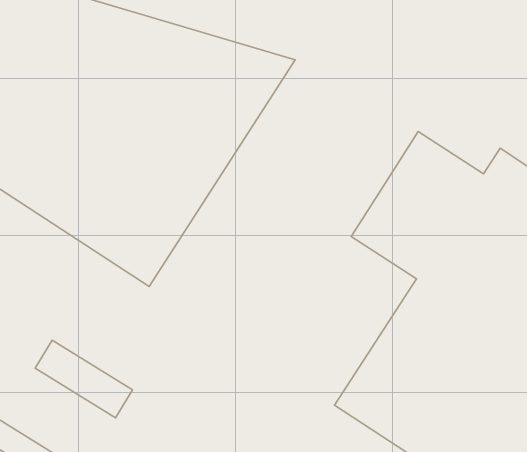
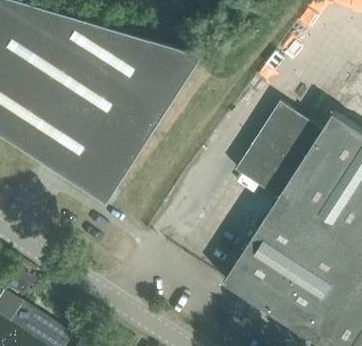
building: [35,340,132,418] -> none

